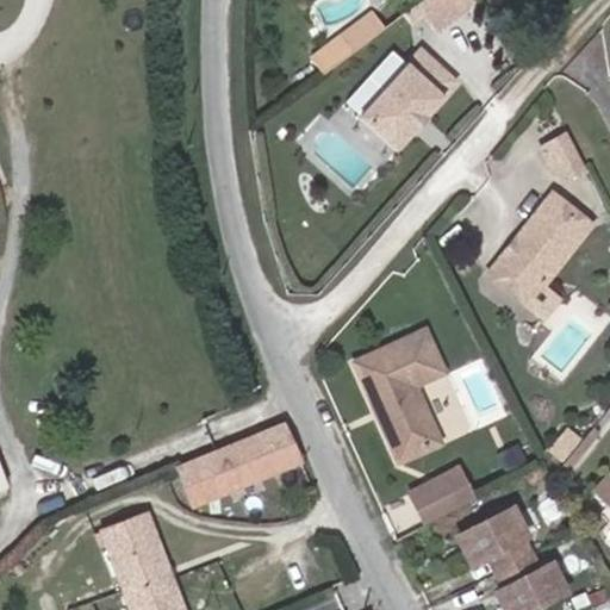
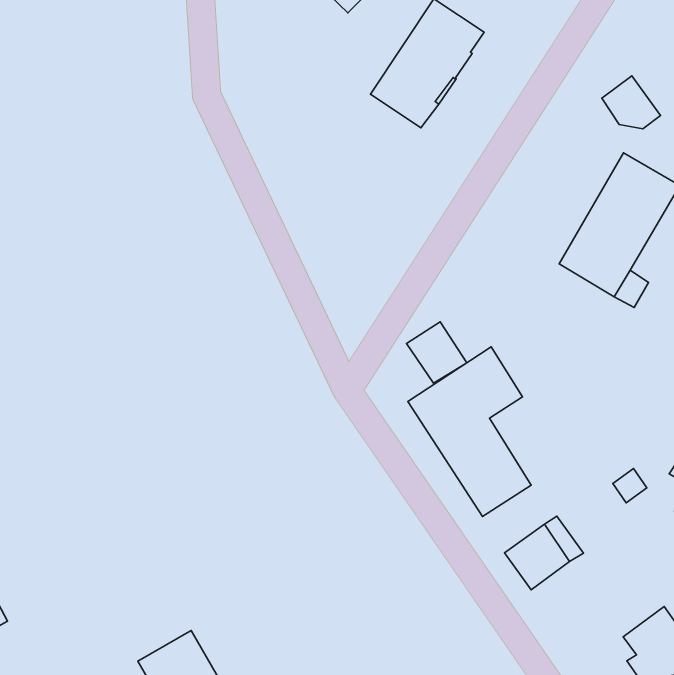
building: none -> [407,322,467,383]
building: [189,423,310,502] -> none
building: [456,508,530,572] -> none

